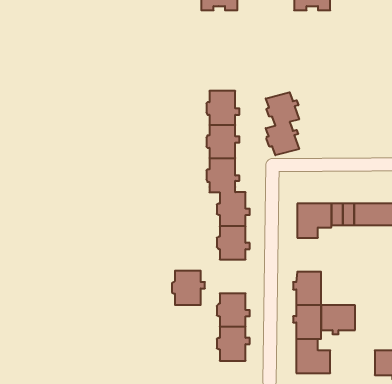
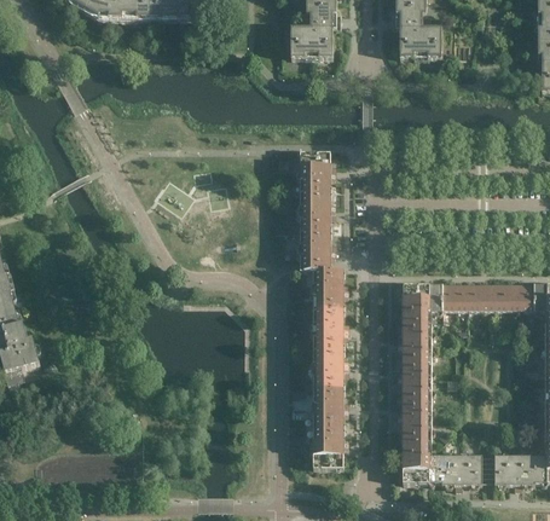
building: [266,92,299,155] -> none
building: none -> [398,324,430,364]
building: [172,271,205,305] -> [308,349,347,389]
building: [321,305,355,334] -> [441,456,481,490]

